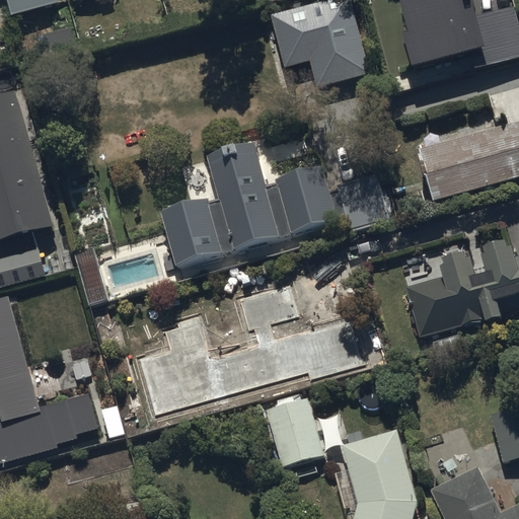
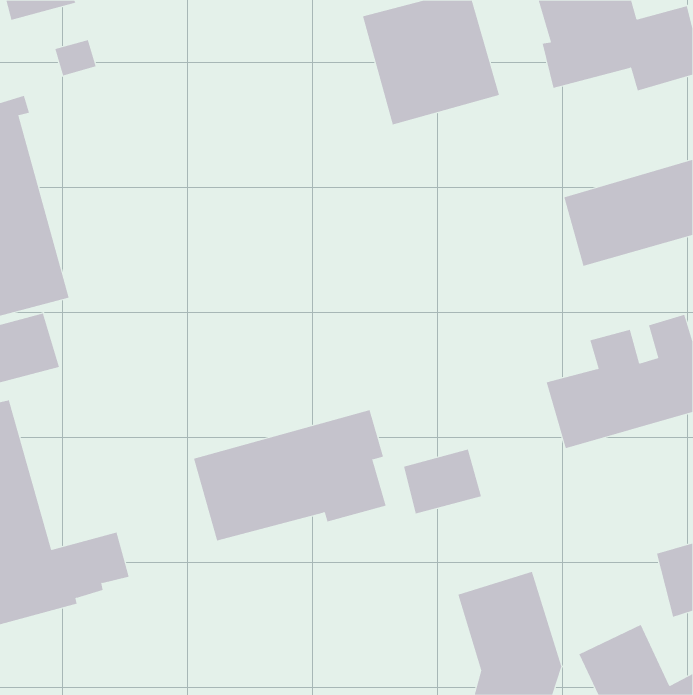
building: [161,143,387,269] -> none
building: [267,396,324,464] -> none

